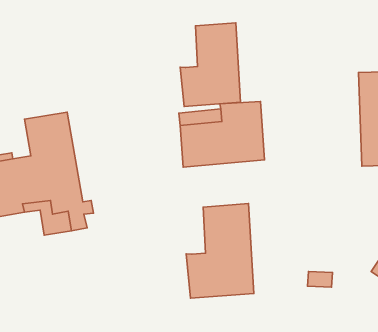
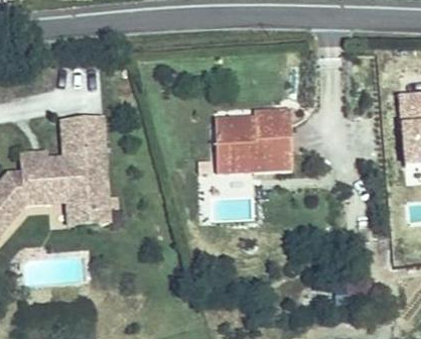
building: [180,23,241,106] -> none
building: [186,204,254,298] -> none

